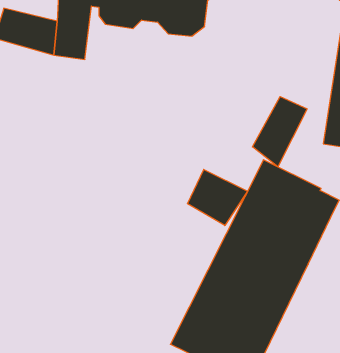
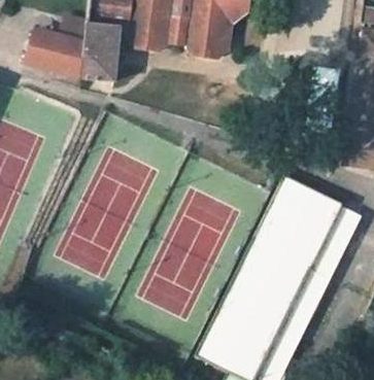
building: [252,97,307,167] -> none
building: [187,169,248,226] -> none

